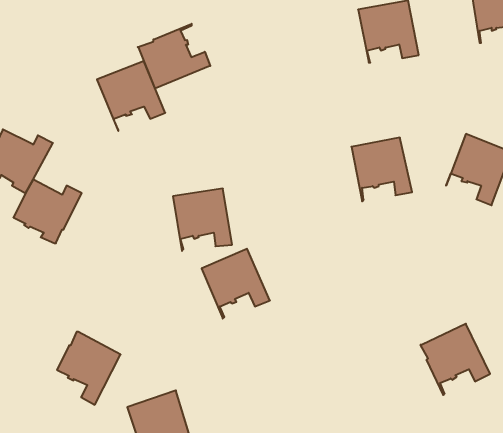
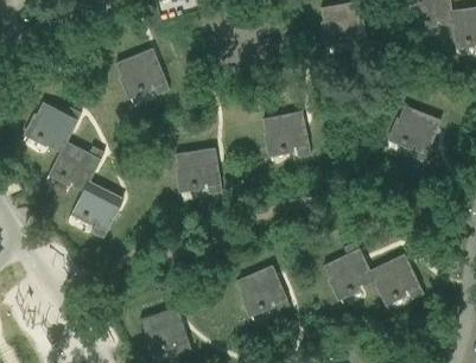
building: [138,24,210,88] -> none
building: [351,138,412,201] -> [262,113,310,163]
building: [202,249,270,319] -> [235,267,288,321]
building: none -> [323,243,374,305]
building: [57,332,121,405] -> [72,182,122,238]

